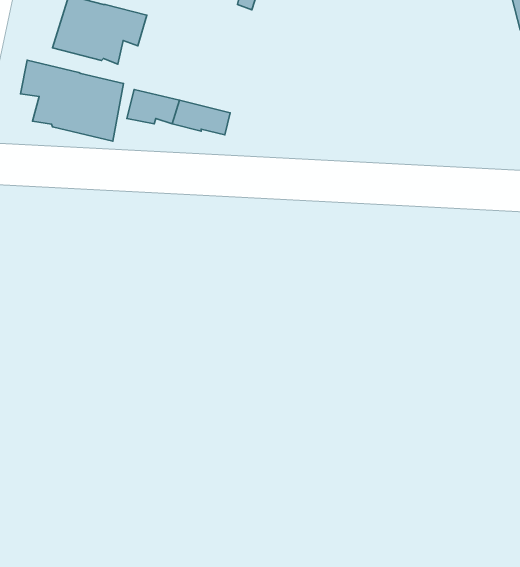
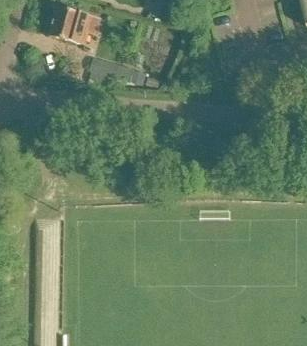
building: [20,60,124,141] -> none

